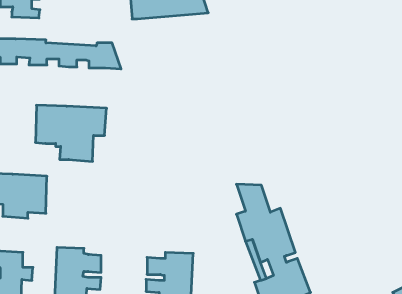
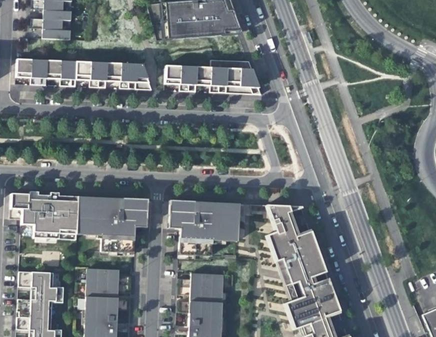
building: none -> [165,59,262,93]
building: [35,105,107,161] -> [77,196,148,252]
building: none -> [169,200,240,255]

